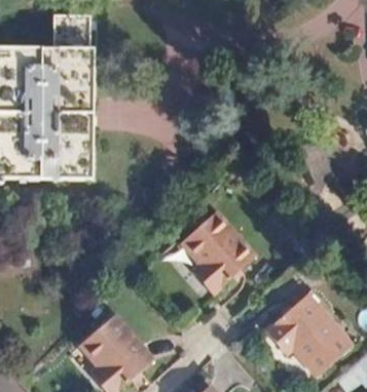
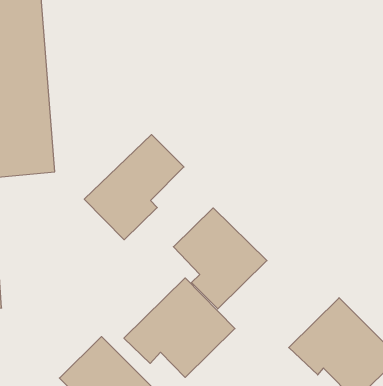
building: none -> [84,135,184,240]
building: none -> [124,278,235,377]

